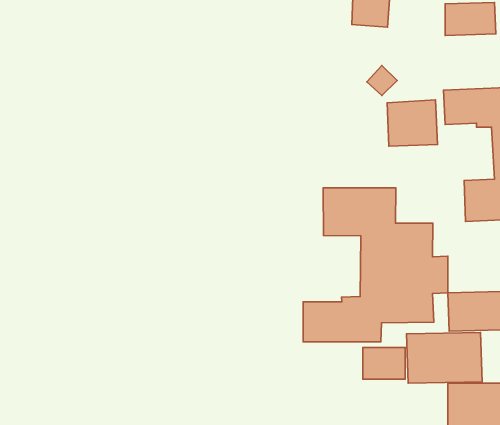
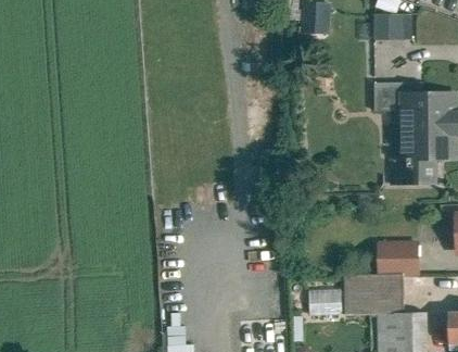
building: [387,100,438,146] -> none
building: [303,188,448,342] -> none

